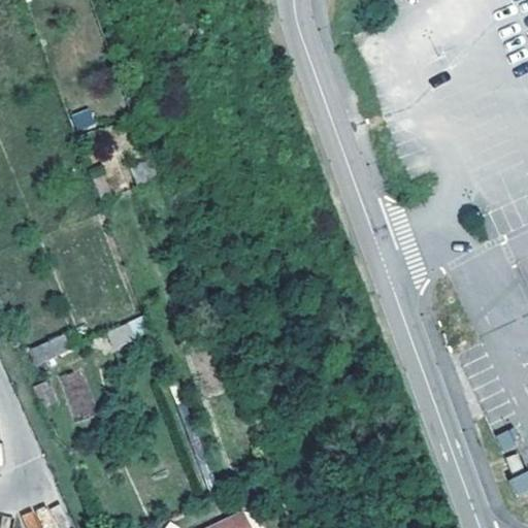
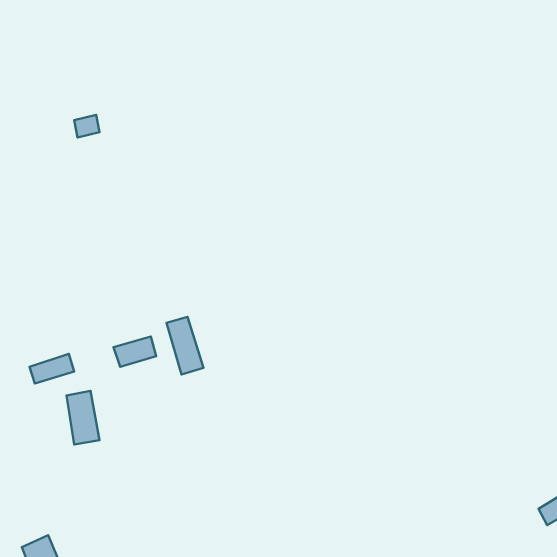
building: none -> [166,317,204,374]

